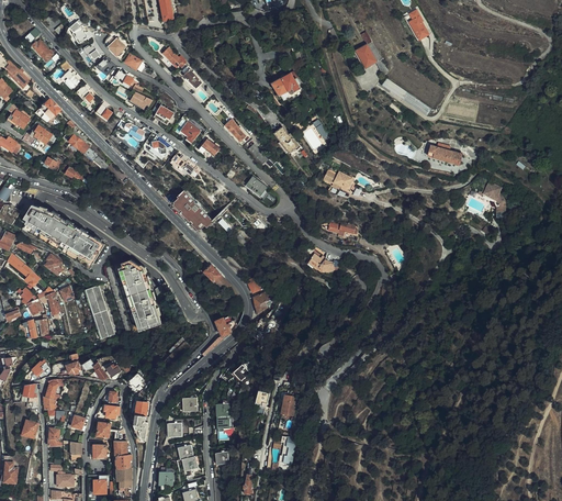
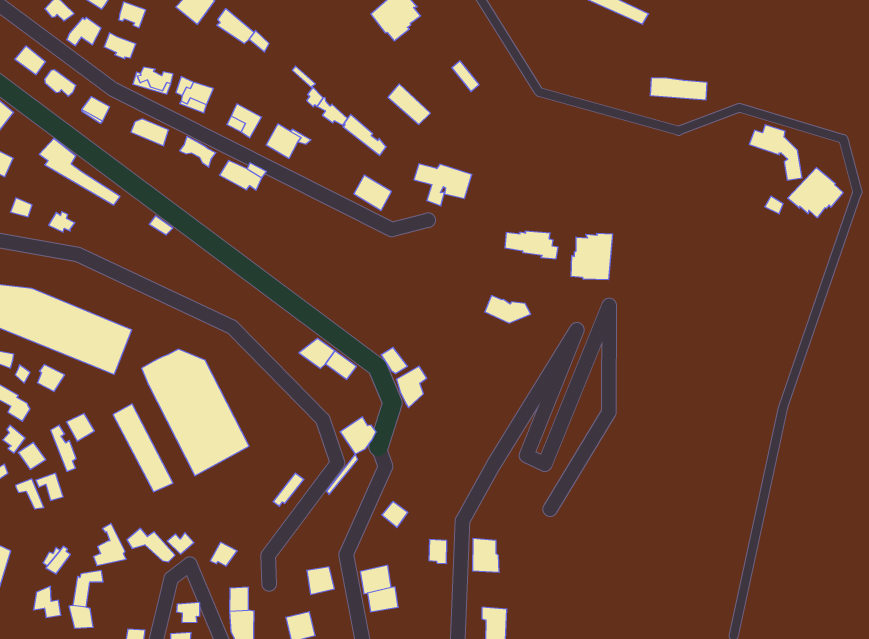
building: [323,168,357,194] -> [414,164,472,206]
building: [171,189,214,231] -> none
building: none -> [788,168,843,218]
building: none -> [571,233,613,280]

